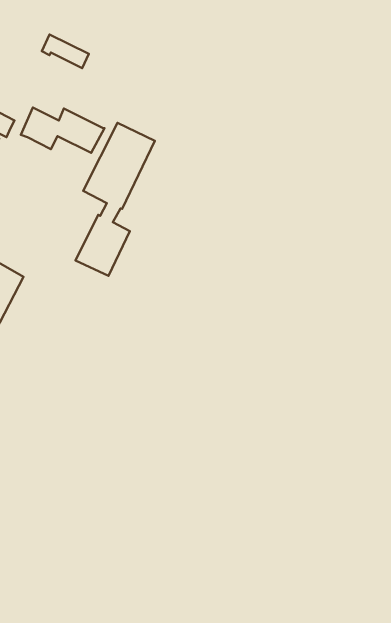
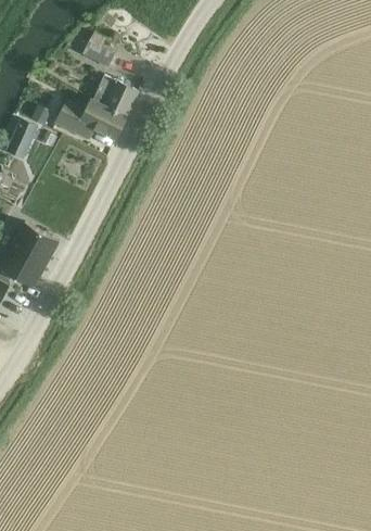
building: none -> [91,75,137,117]
building: [75,123,155,276] -> none

